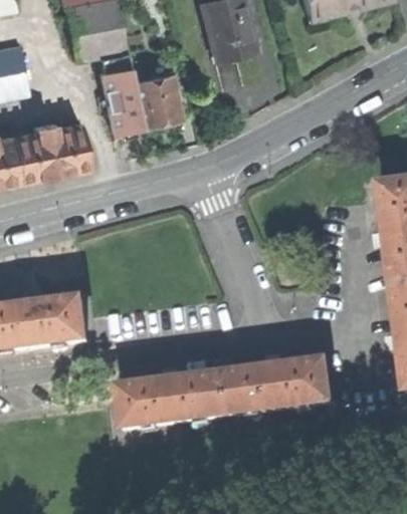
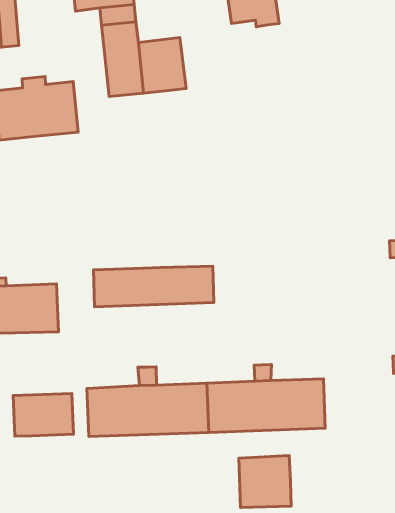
building: none -> [93,266,214,307]
building: none -> [13,393,74,436]
building: none -> [239,455,291,508]

